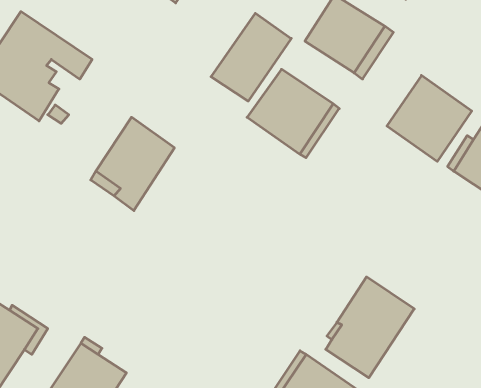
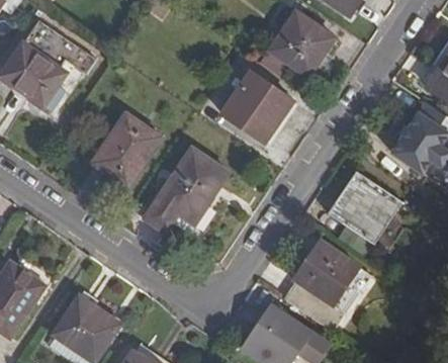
building: [211,13,291,101] -> none
building: [387,75,472,161] -> [326,171,395,242]
building: none -> [146,148,228,231]

